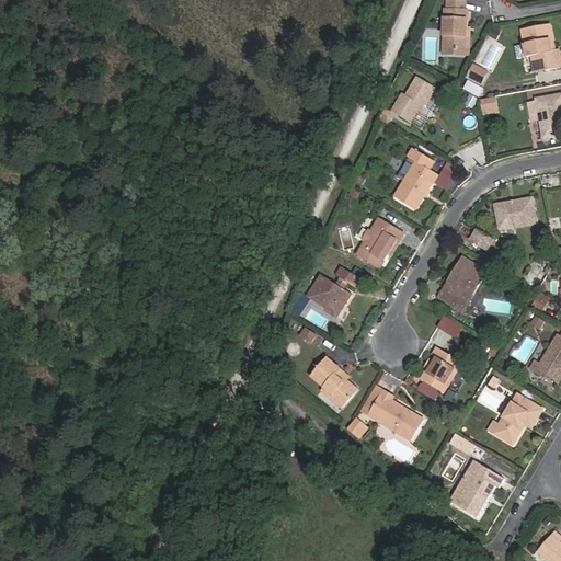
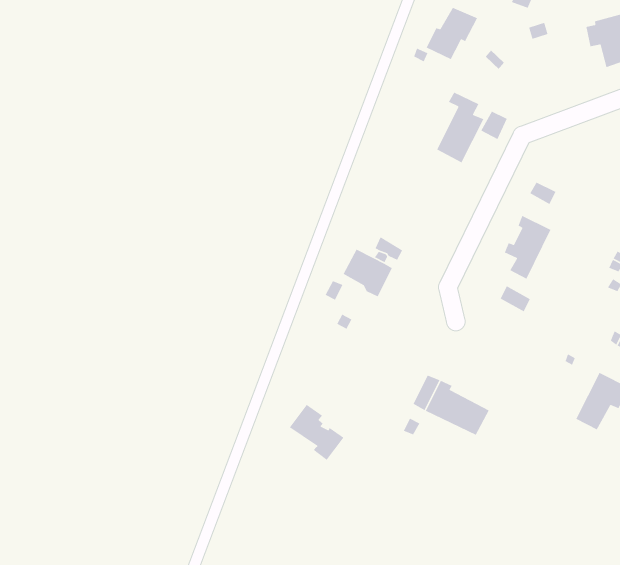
building: [493,197,535,229] -> none
building: [356,218,402,267] -> none
building: [420,346,460,392] -> none
building: [310,358,356,408] -> [289,404,344,461]
building: [448,466,503,517] -> none

